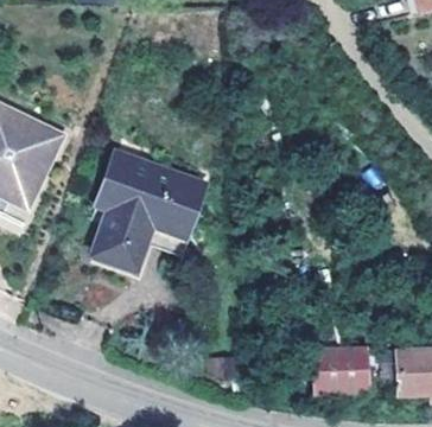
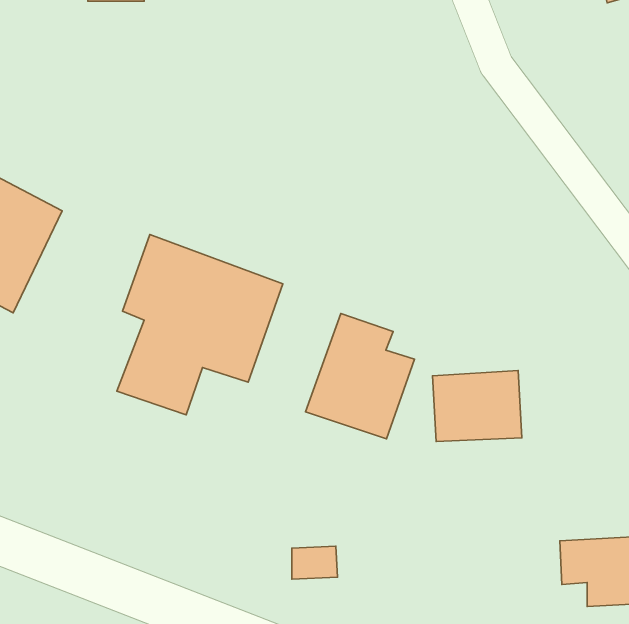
building: none -> [305,313,414,439]
building: [313,348,371,394] -> [432,370,522,442]

